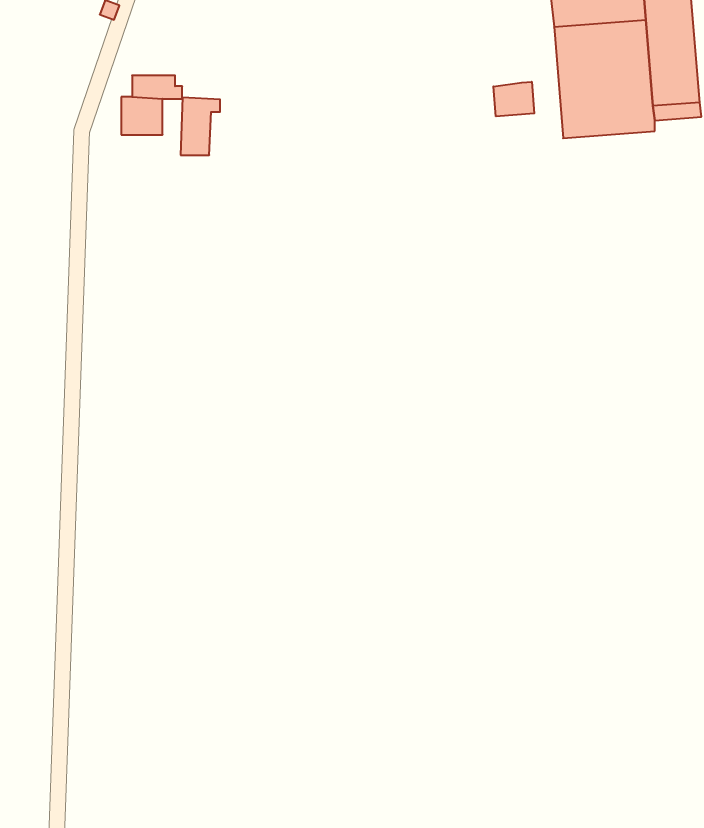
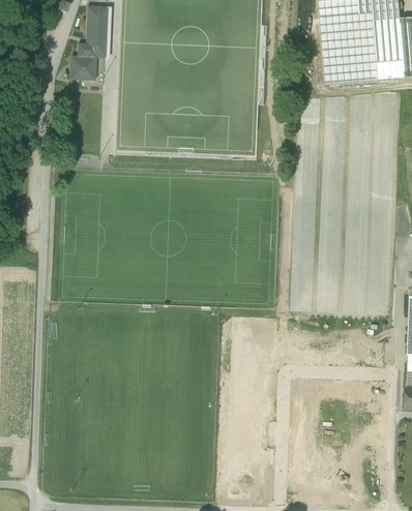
building: [493,82,534,116] -> none
building: [181,98,220,155] -> [86,7,109,40]

